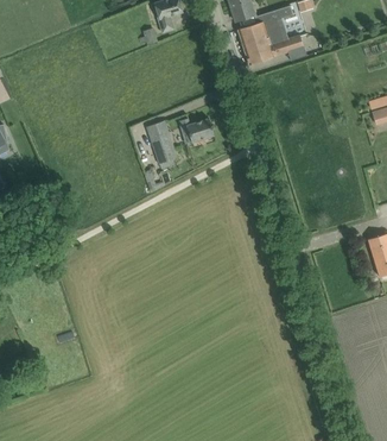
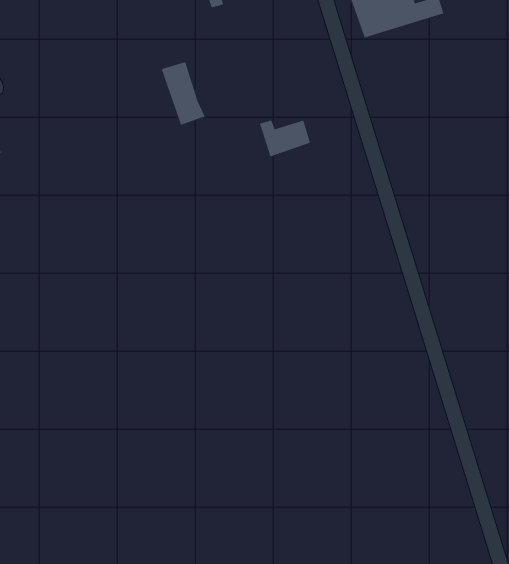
building: [147,121,177,164] -> [161,62,205,126]

